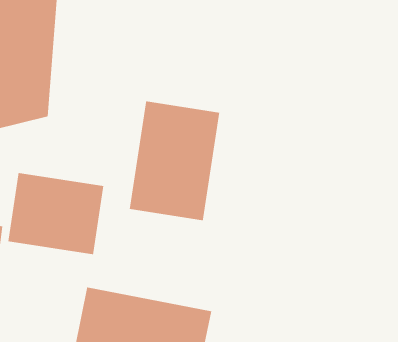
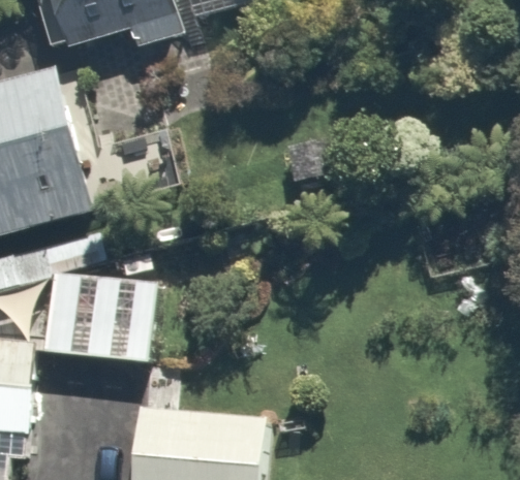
building: [129,101,220,221] -> none

